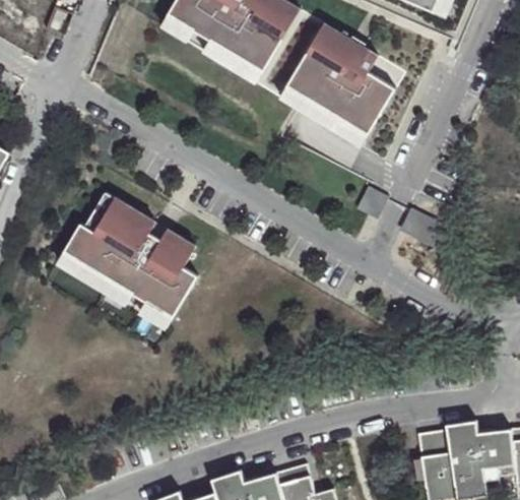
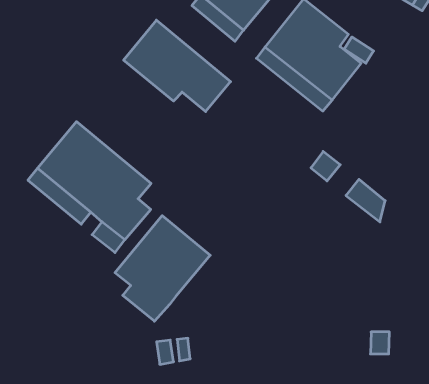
building: none -> [124,20,231,112]
building: none -> [115,216,210,321]

